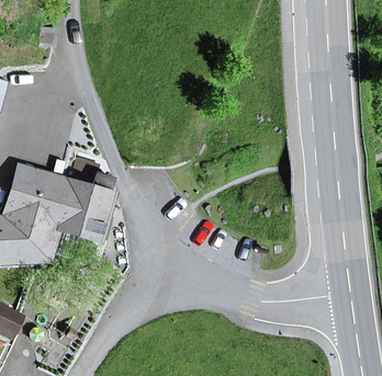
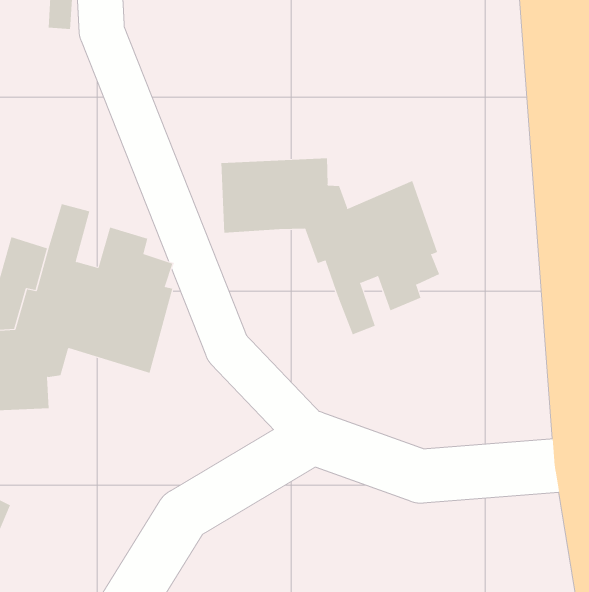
building: none -> [221,158,440,335]

